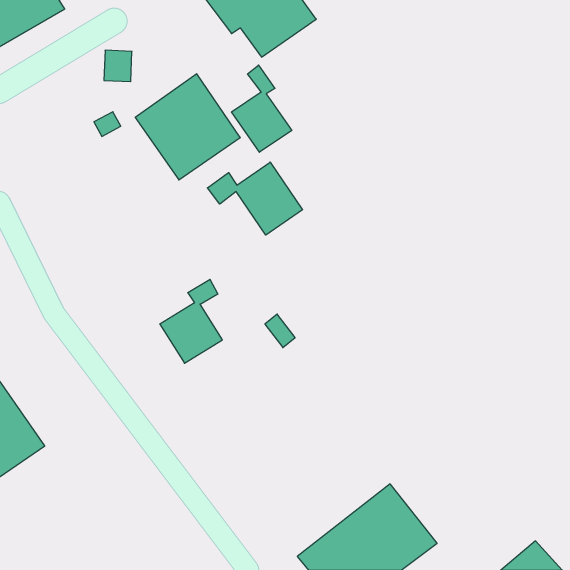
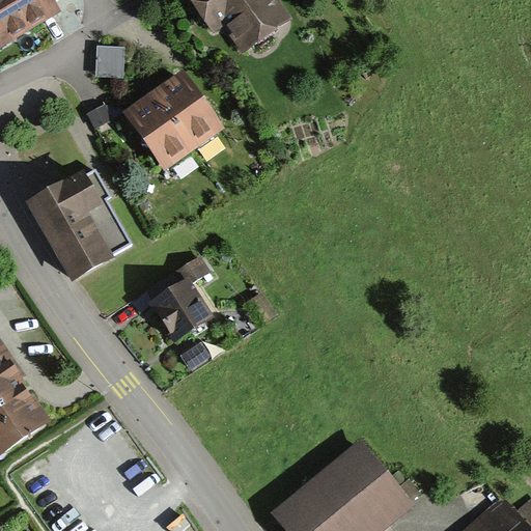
building: [232,65,292,152] -> none
building: [207,162,303,235] -> none
building: none -> [27,172,133,282]

